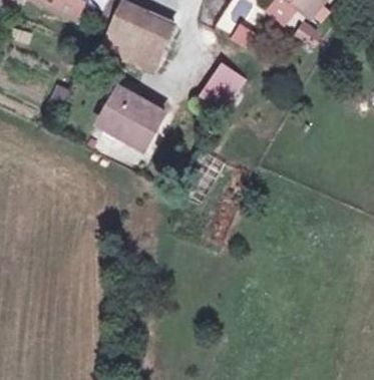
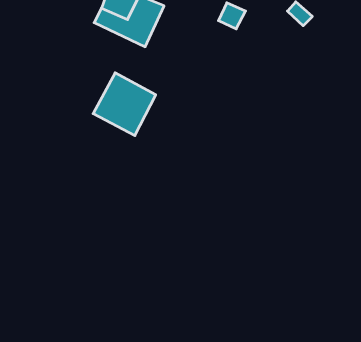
building: [201,60,237,101] -> none

